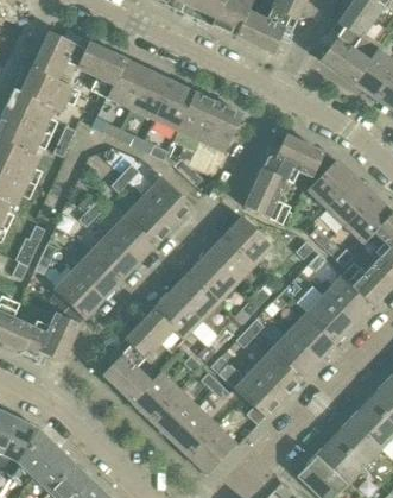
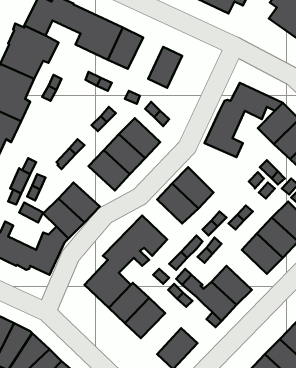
building: [154,81,196,130] -> none
building: [201,102,243,152] -> none
building: [226,216,273,264] -> none
building: [90,233,139,280] -> none
building: [171,272,218,320] -> none
building: [271,332,318,379] -> none
building: [170,406,217,455] -> none

